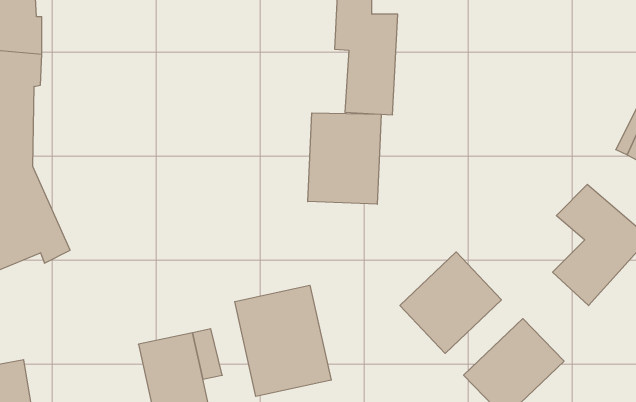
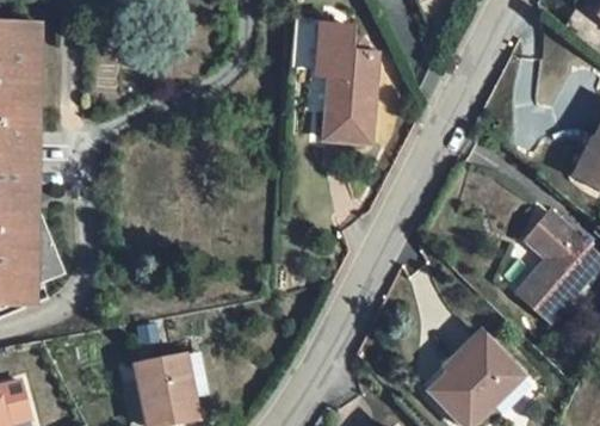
building: [308,113,381,204] -> none
building: [400,252,501,353] -> none
building: [235,285,331,396] -> none

